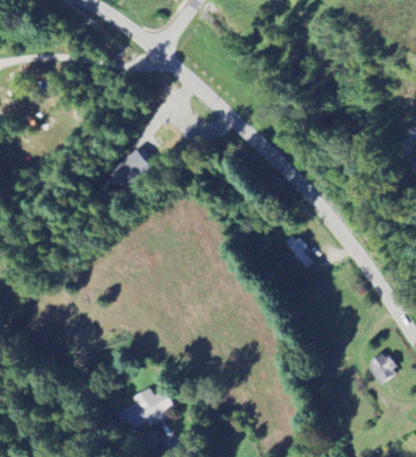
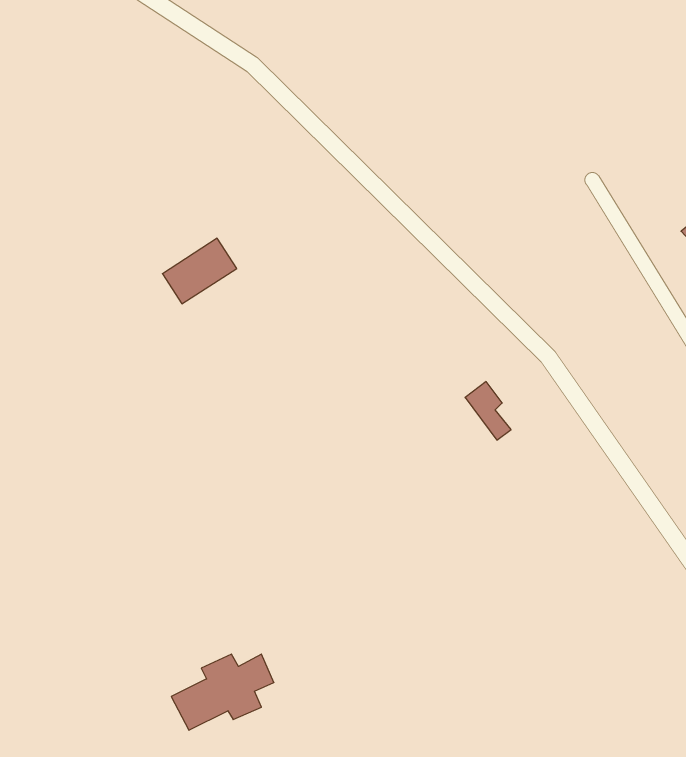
building: [369,351,398,382] -> none

